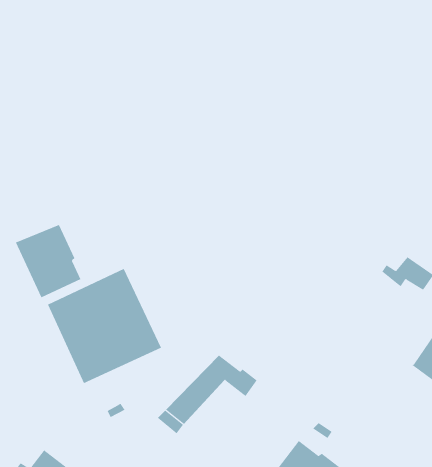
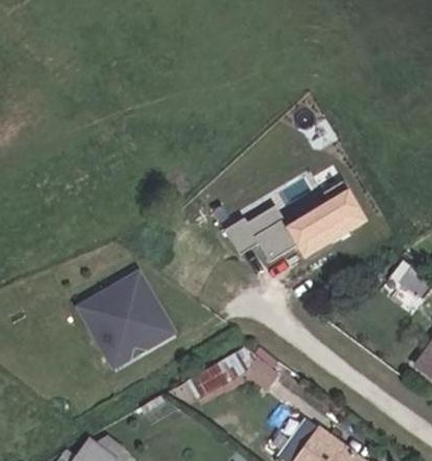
building: none -> [232,185,374,260]
building: [15,224,81,298] -> none

